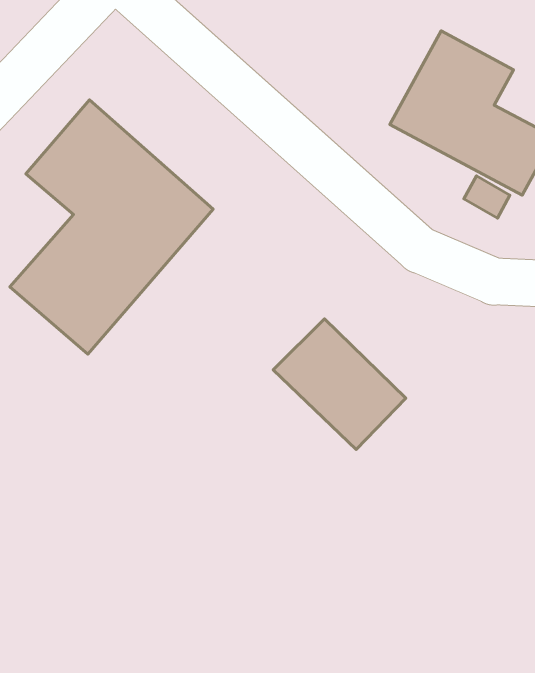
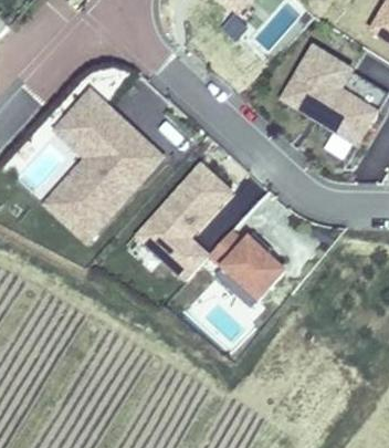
building: none -> [123,160,234,281]

